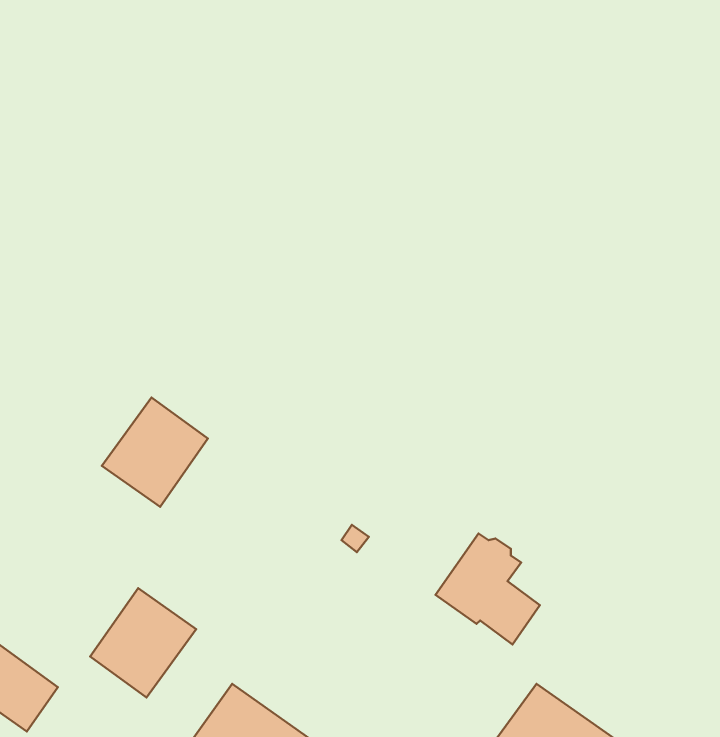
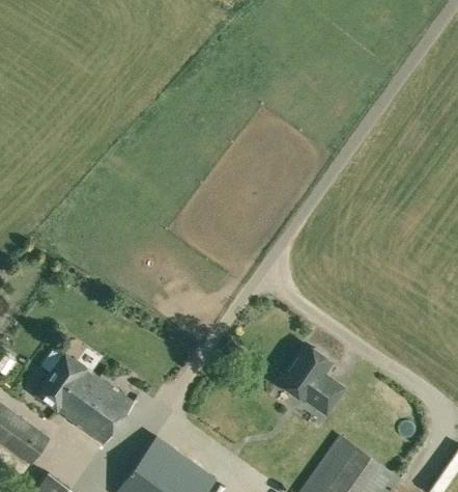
building: [102,398,208,507] -> [35,354,99,420]

